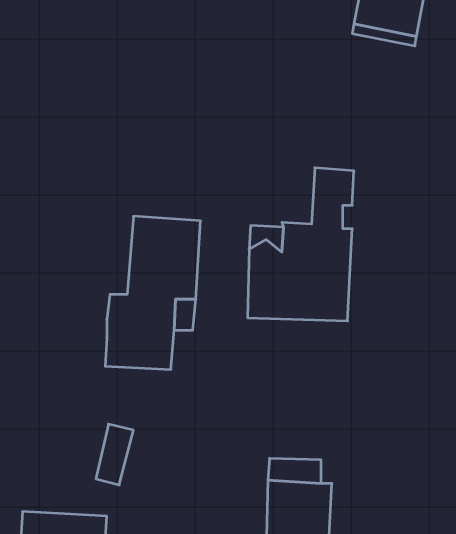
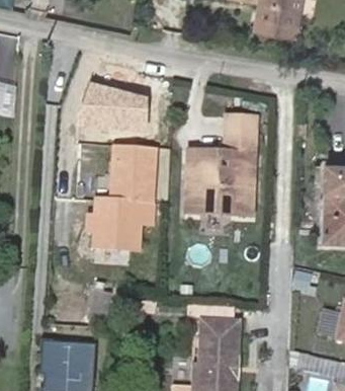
building: none -> [79,76,148,123]

